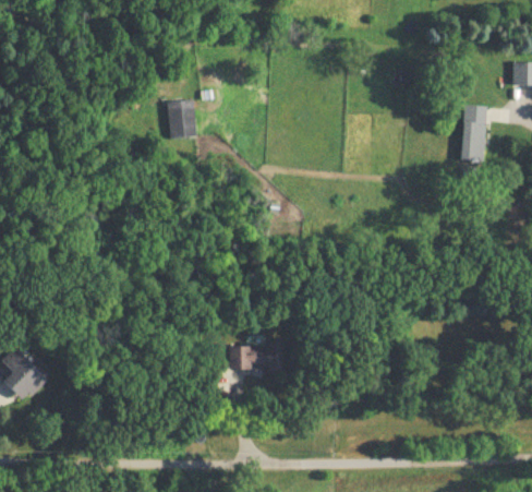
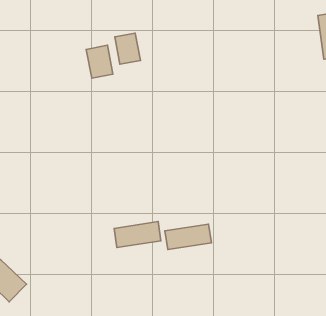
building: none -> [115,33,140,64]
building: none -> [114,222,161,248]

